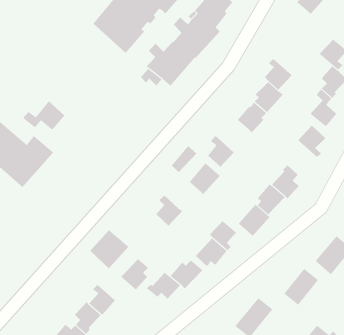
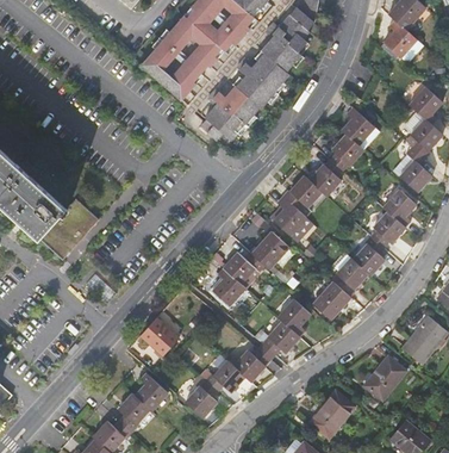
building: [22,101,65,130] -> none
building: none -> [286,175,324,210]
building: none -> [370,209,405,244]
building: none -> [226,253,268,284]
building: [121,259,149,290] -> [185,378,218,415]

